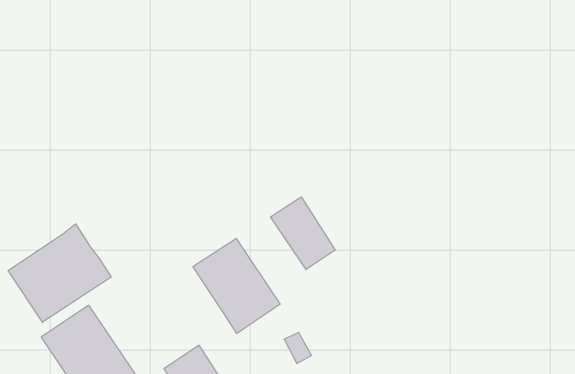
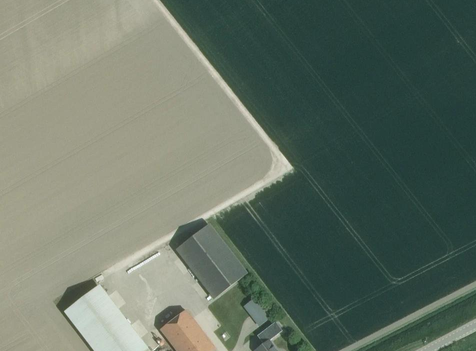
building: [271,197,335,270] -> none
building: [8,224,111,322] -> none

